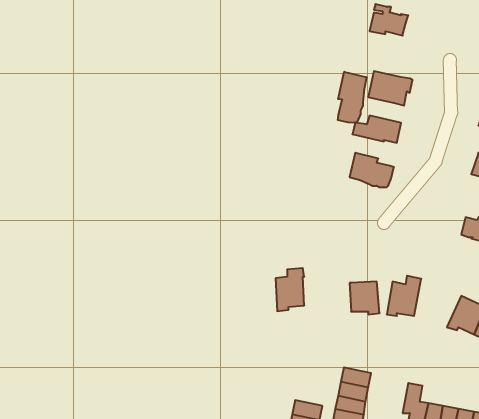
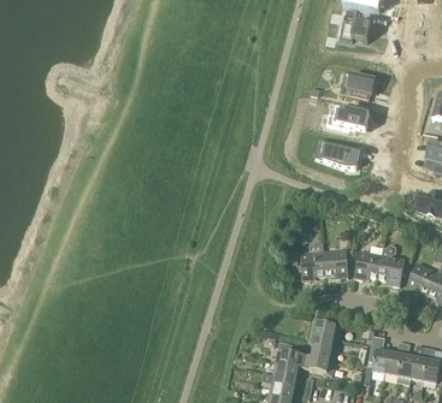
building: [338,72,366,123] -> none
building: [276,268,304,311] -> [300,242,324,278]
building: none -> [377,242,405,284]

